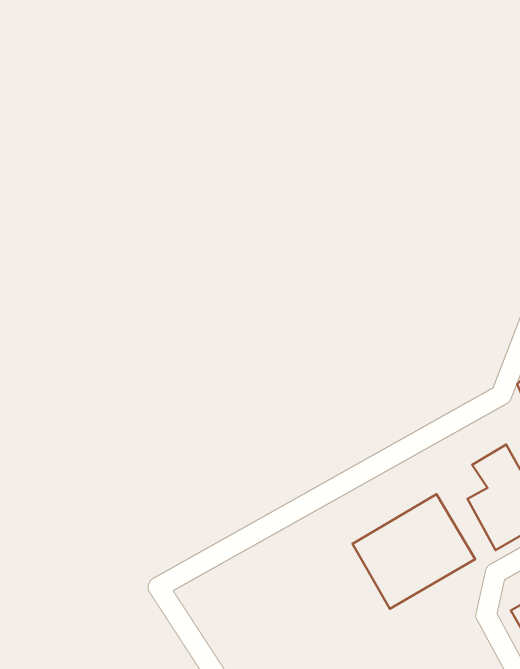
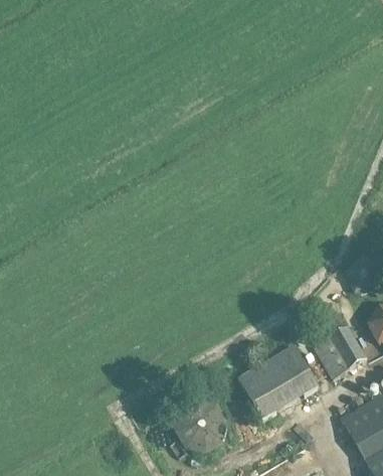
building: none -> [177,403,227,452]

